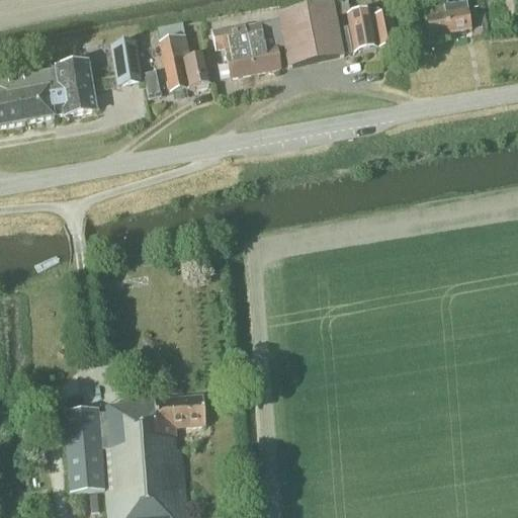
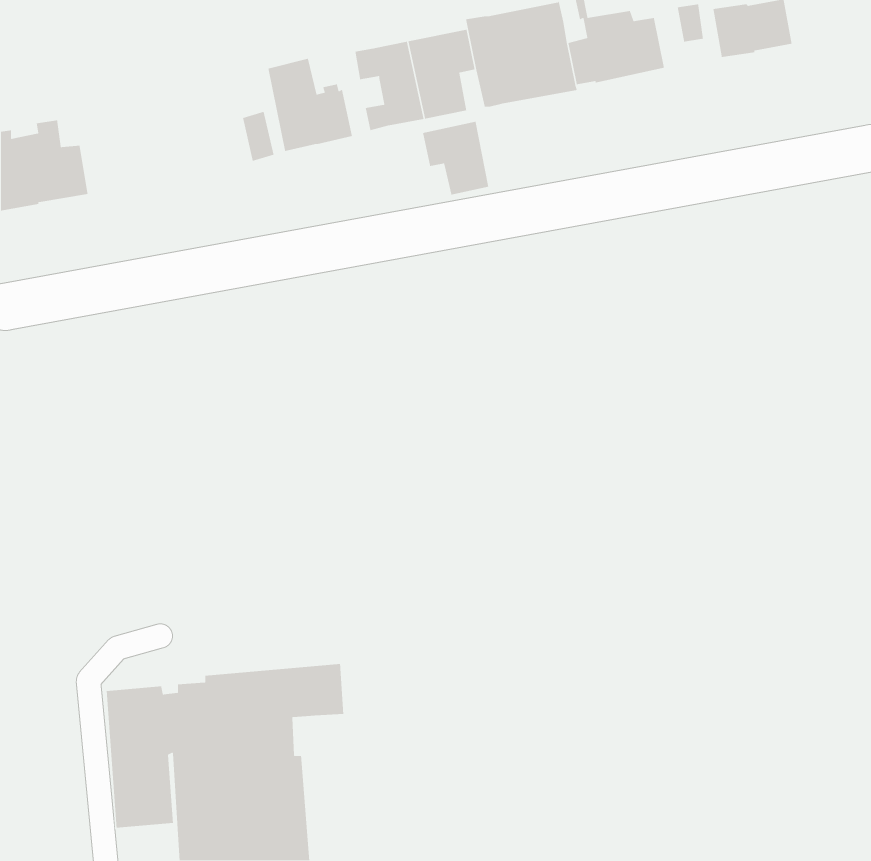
building: [109,40,141,84] -> none
building: [34,62,93,115] -> none
building: none -> [422,121,489,195]

